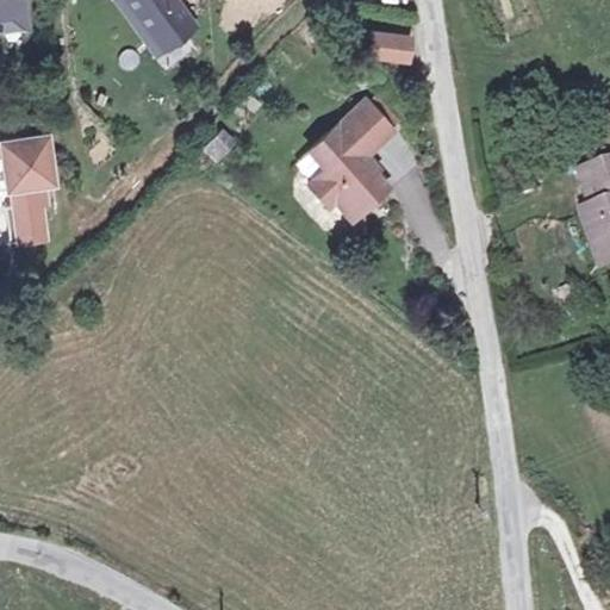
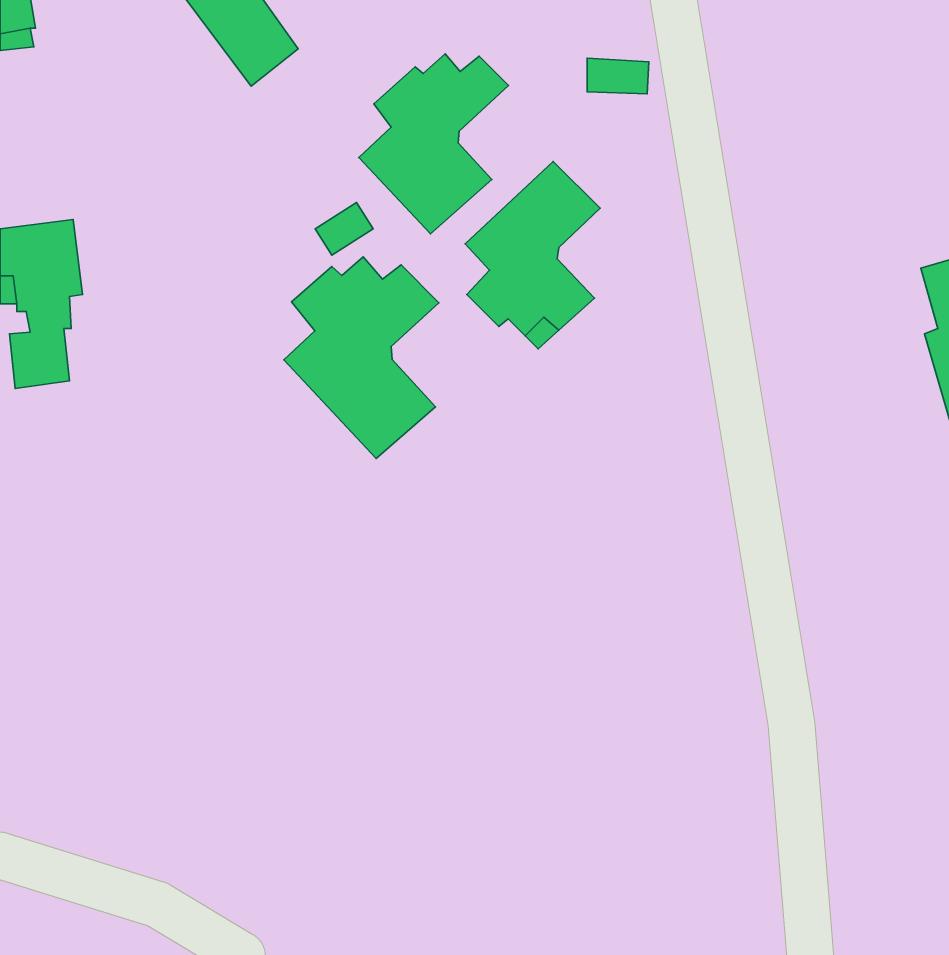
building: none -> [359,54,509,234]
building: none -> [284,257,439,459]

